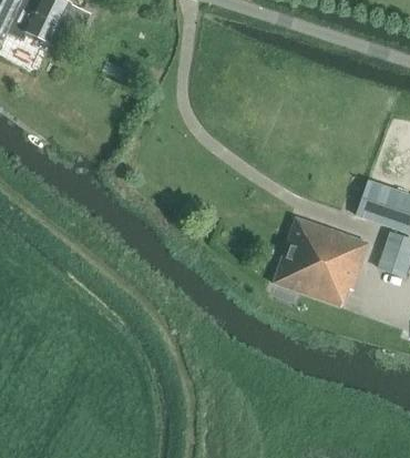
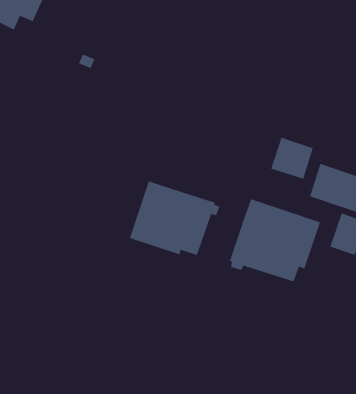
building: none -> [270,137,314,180]
building: none -> [129,181,220,256]

